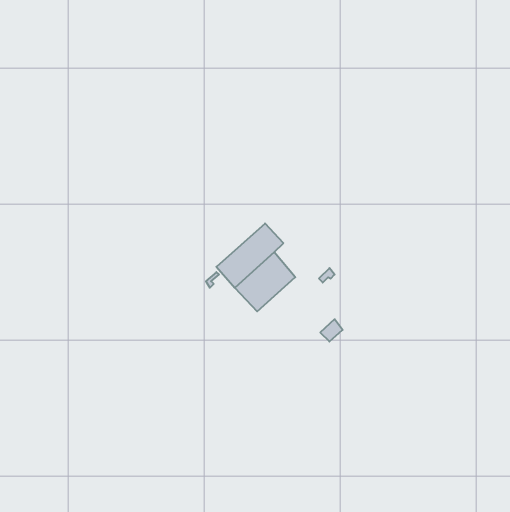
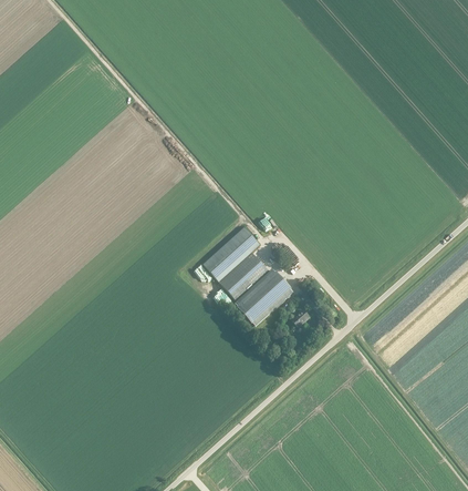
building: none -> [236,269,291,324]

